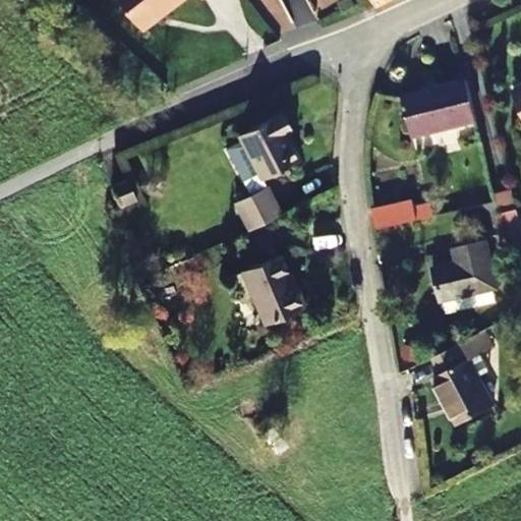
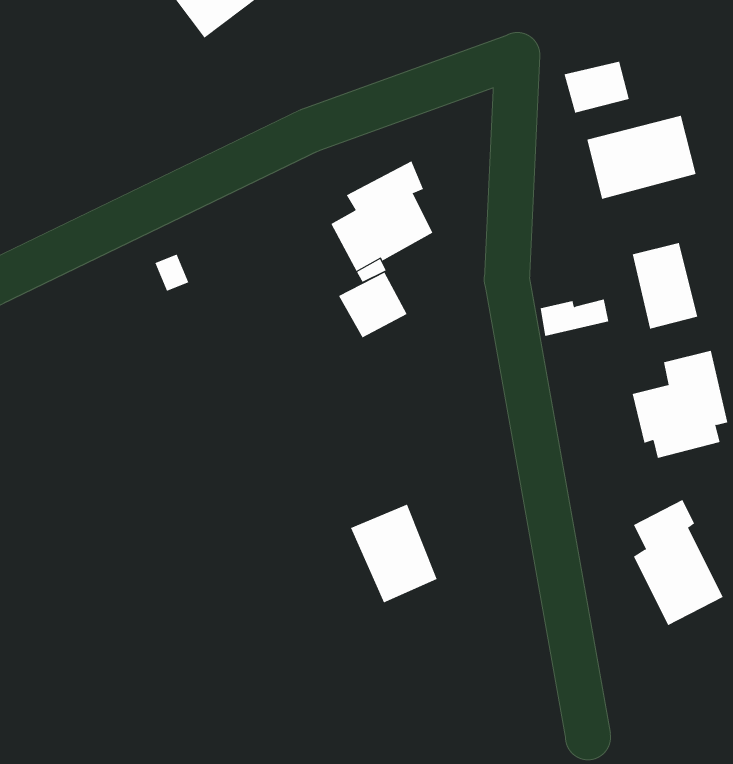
building: none -> [564,61,629,113]
building: none -> [632,242,698,329]
building: [241,256,300,324] -> [350,504,438,603]

